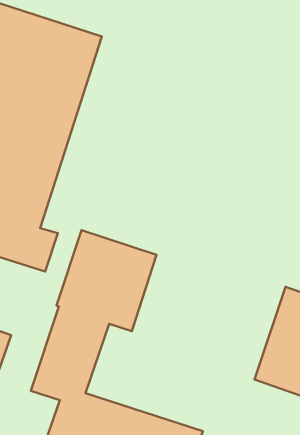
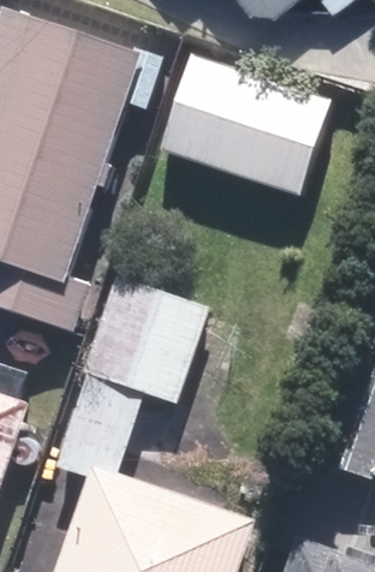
building: none -> [160,61,325,195]

